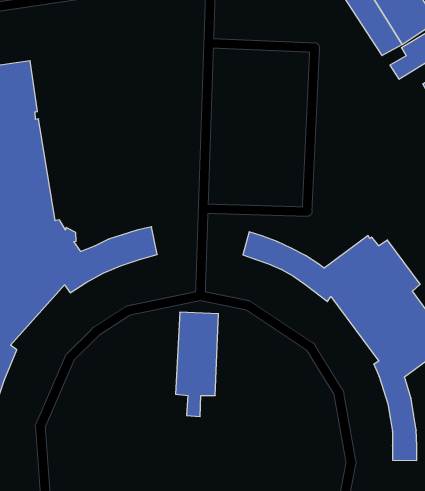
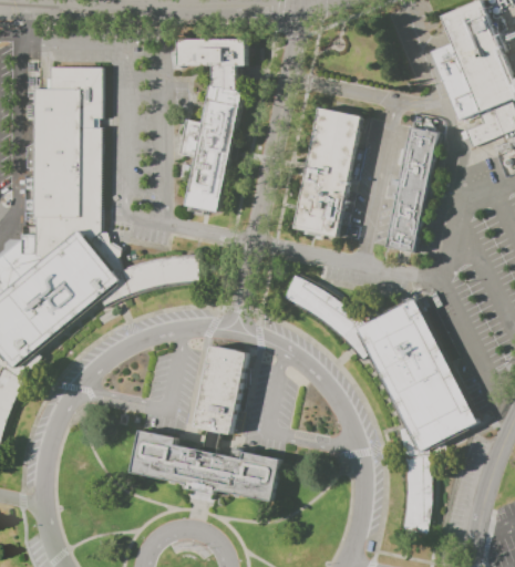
building: none -> [177,37,246,213]
building: none -> [293,106,360,236]
building: none -> [385,126,437,251]
building: none -> [128,429,282,502]

